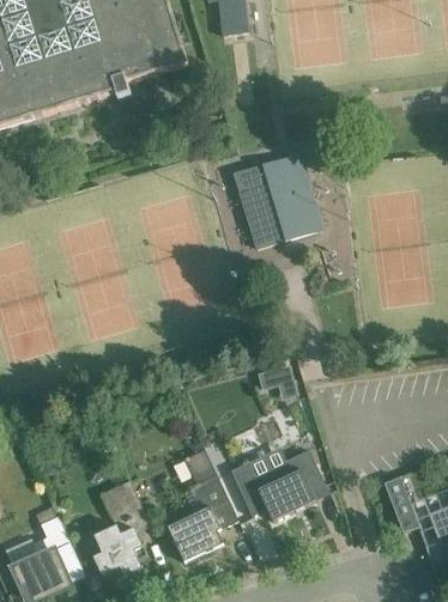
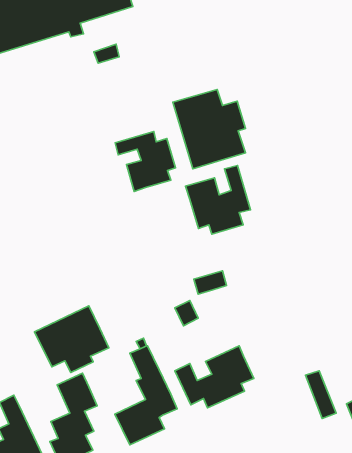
building: none -> [115,132,176,191]
building: none -> [185,166,250,234]
building: none -> [34,306,109,373]

